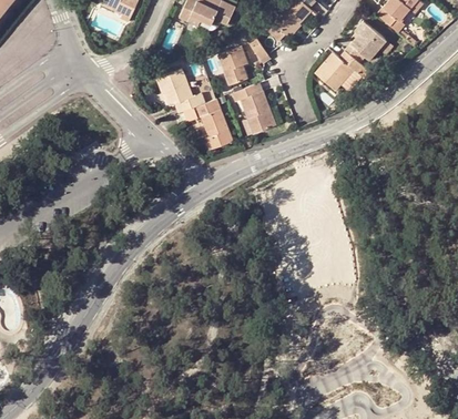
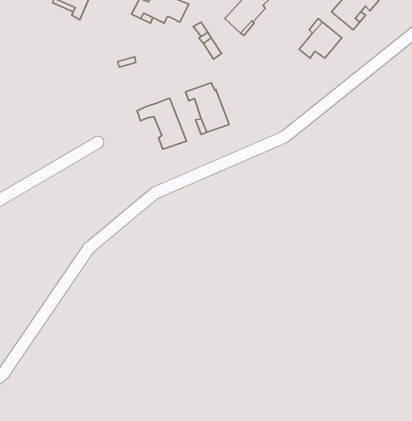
building: [218,45,247,84] -> none
building: [315,51,363,90] -> none
building: [155,69,204,113] -> none

